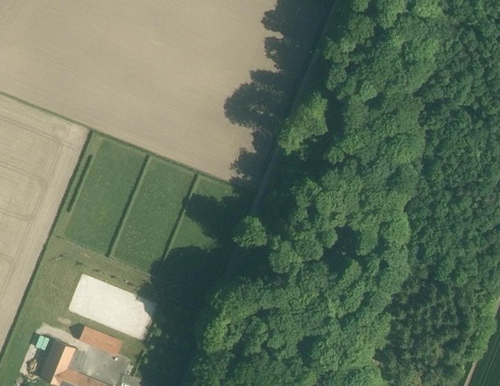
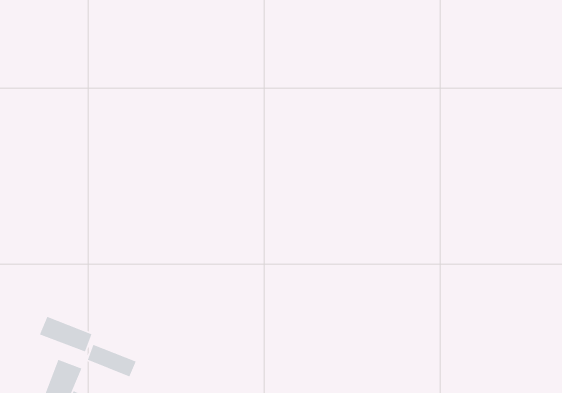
building: none -> [39,316,93,352]

